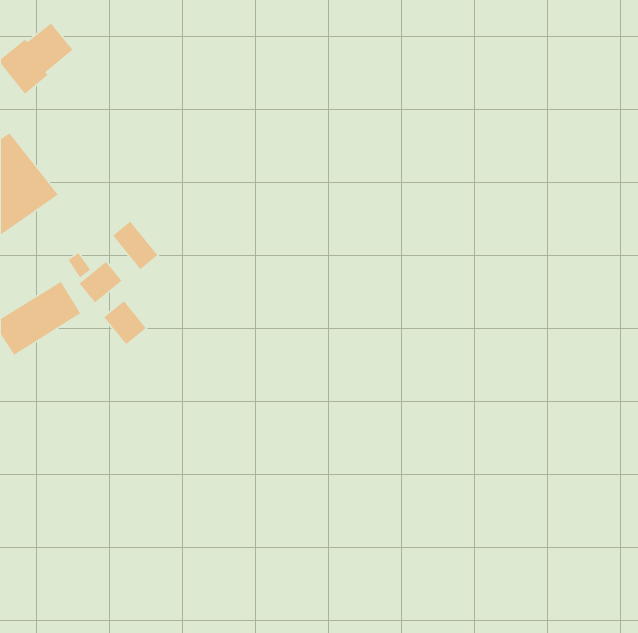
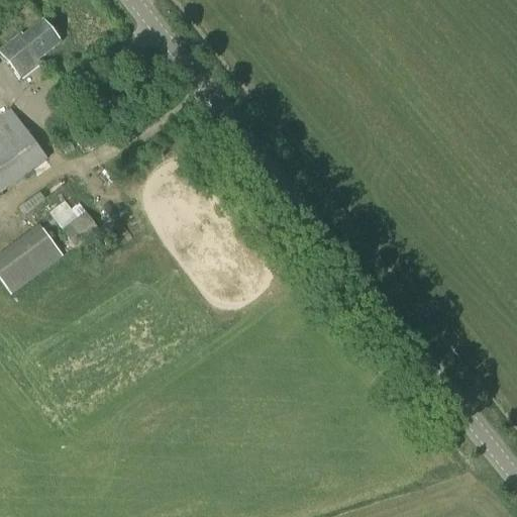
building: [112,221,158,270] -> none
building: [103,300,147,345] -> none

